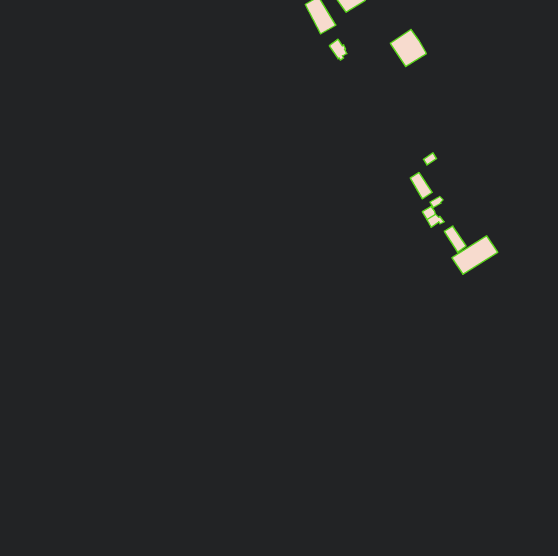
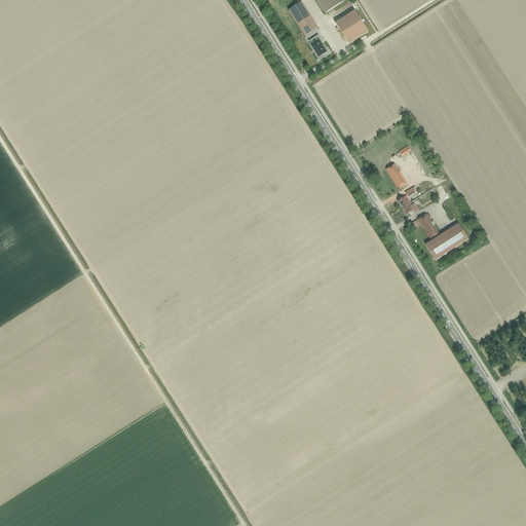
building: [390,29,426,67] -> [334,8,368,43]

